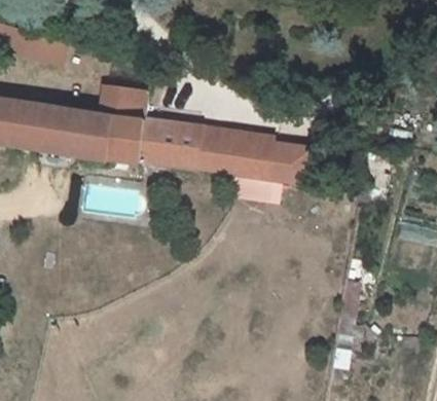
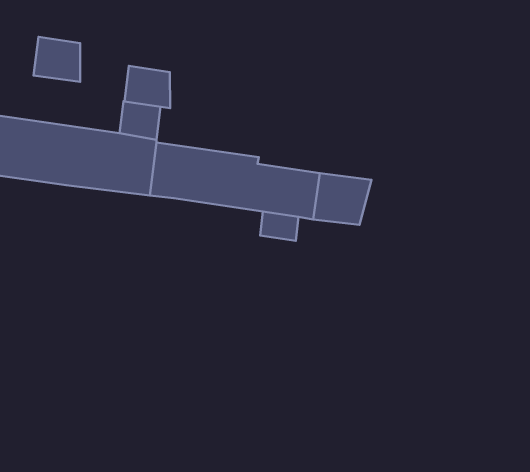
building: none -> [34,37,80,82]
building: none -> [124,66,170,108]

